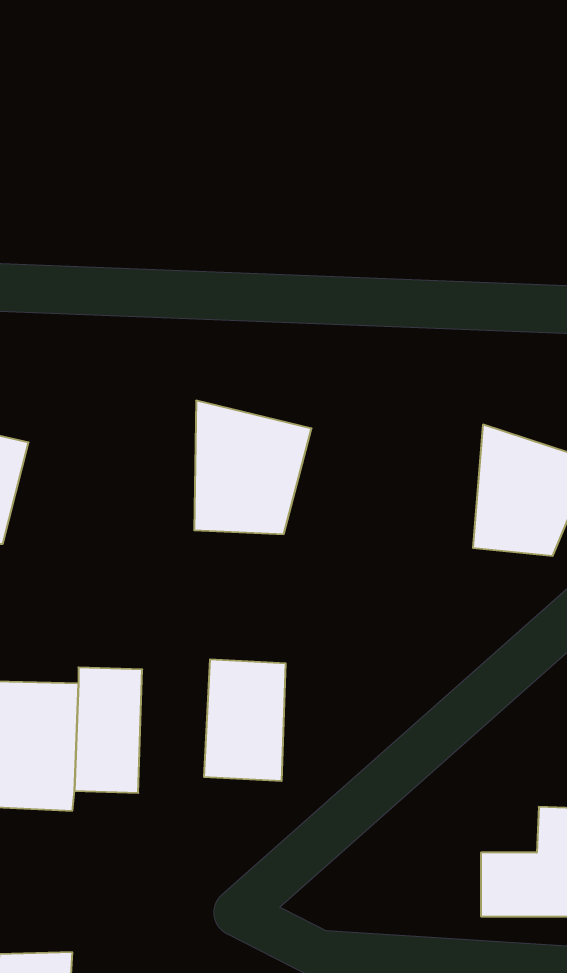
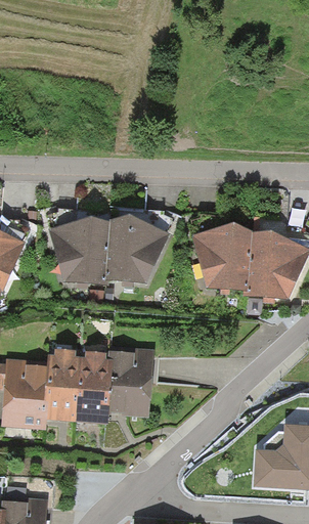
building: none -> [48,216,108,282]
building: none -> [196,228,256,292]
building: none -> [79,348,116,420]

